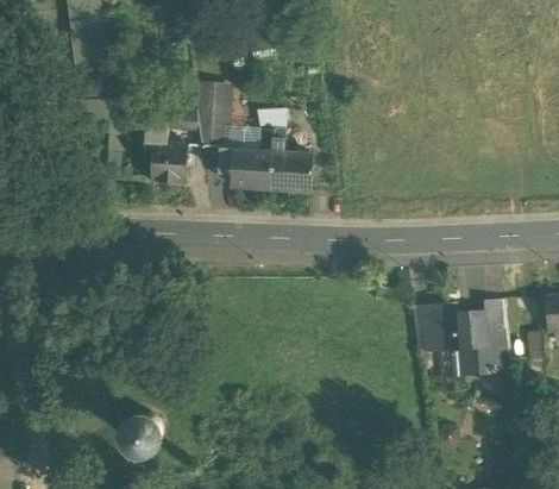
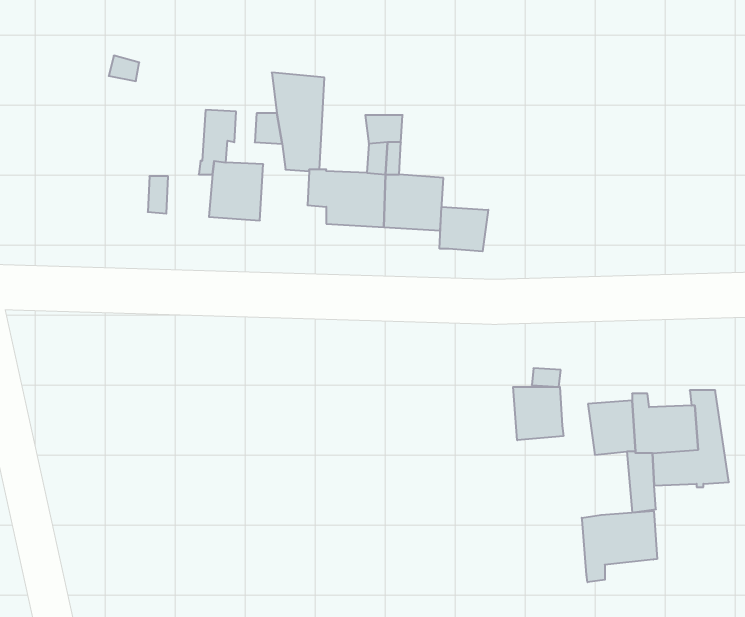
building: none -> [440,207,488,251]
building: none -> [513,387,563,440]
building: none -> [582,511,657,582]
building: [123,410,162,449] -> none

